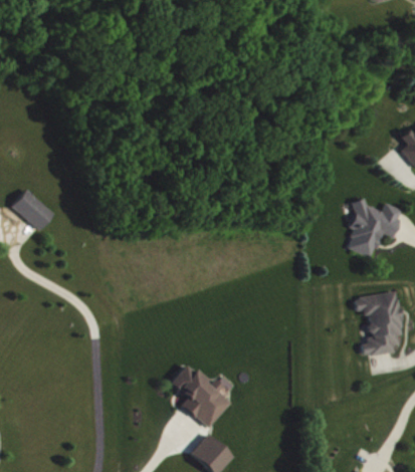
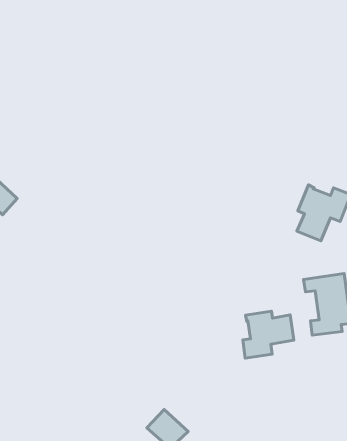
building: none -> [243,311,294,358]
building: [170,364,230,428] -> none

